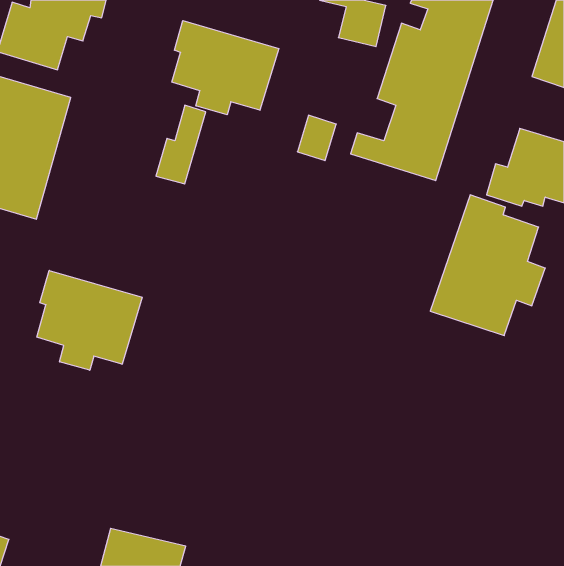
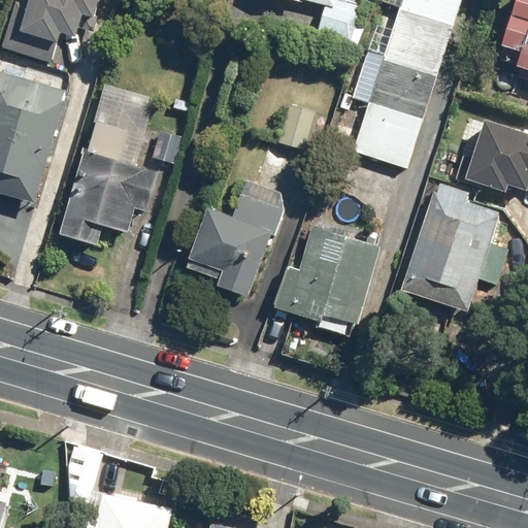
building: [172,21,279,115] -> none
building: none -> [61,85,159,245]
building: none -> [186,193,284,297]
building: none -> [273,225,382,324]
building: [37,270,142,370] -> none

